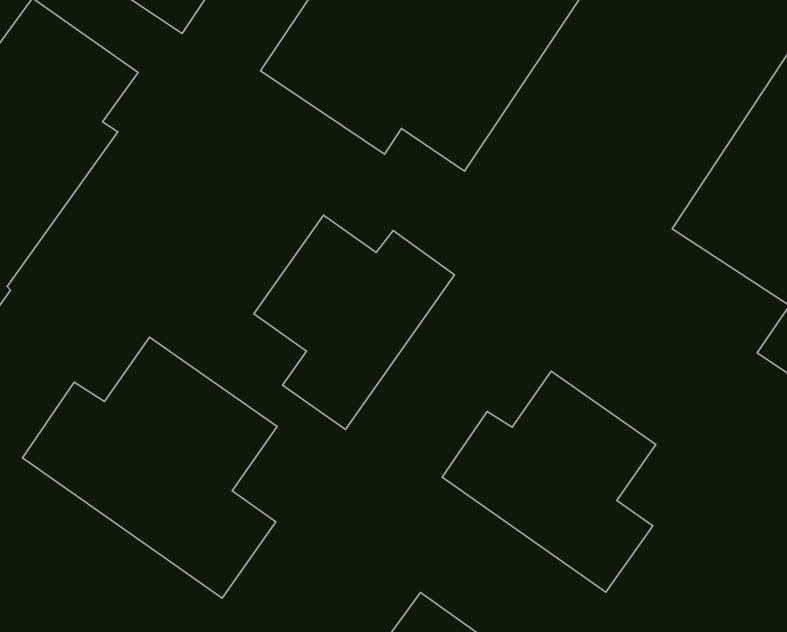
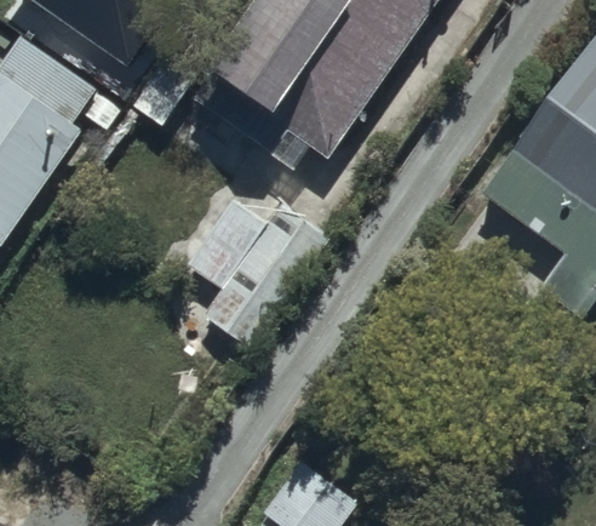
building: [22,337,277,598] -> none
building: [442,371,656,592] -> none

